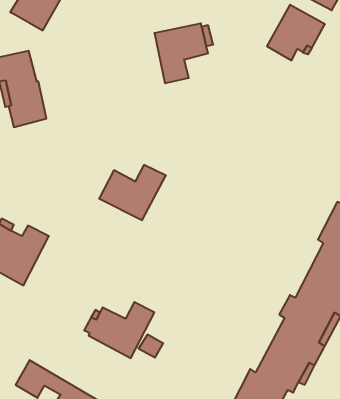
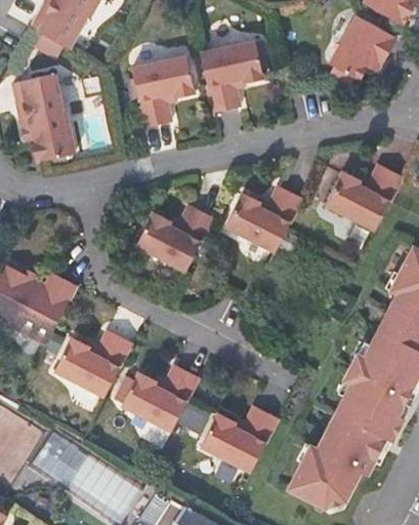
building: none -> [131,55,194,125]
building: none -> [324,165,401,232]
building: none -> [225,188,301,252]
building: none -> [55,329,133,396]
building: none -> [200,405,277,472]

